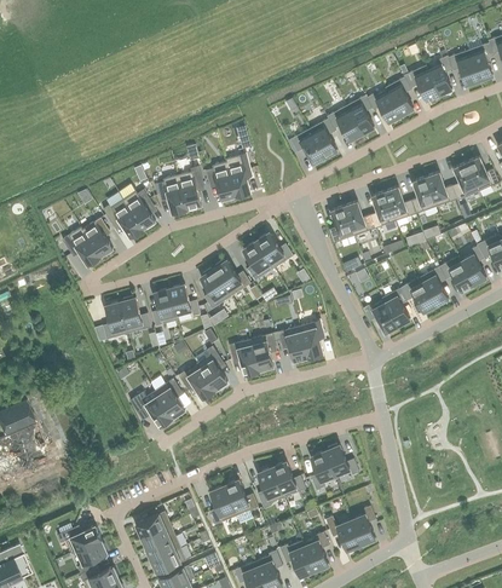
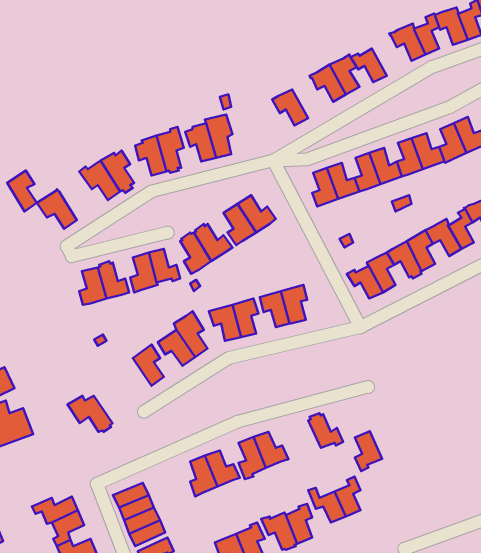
building: [386,77,414,117] -> none
building: [310,120,337,158] -> none
building: [83,218,112,258] -> [7,170,37,211]
building: [129,392,173,427] -> [68,396,112,432]
building: [311,452,337,491] -> [355,431,382,471]

